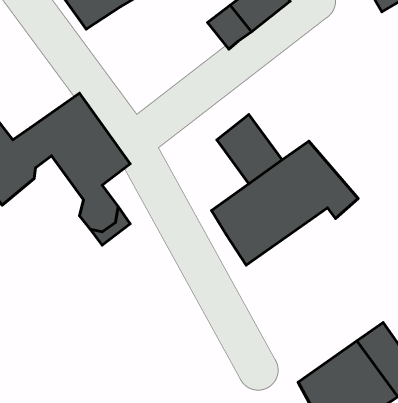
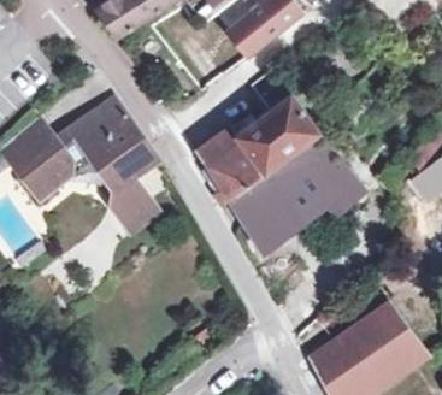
building: none -> [265,98,323,158]
building: none -> [198,130,265,204]

